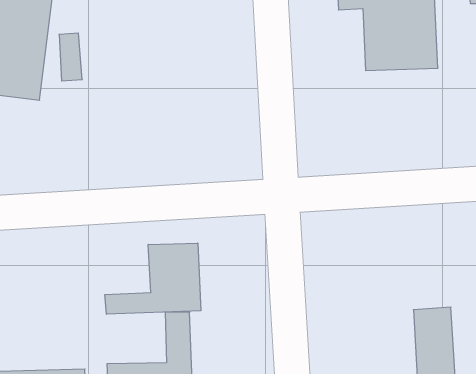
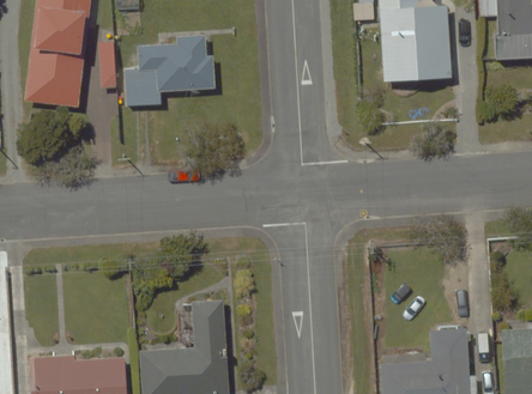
building: none -> [125,32,214,105]
building: [105,243,201,314] -> none

